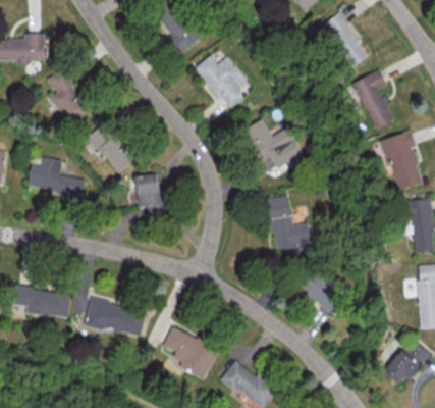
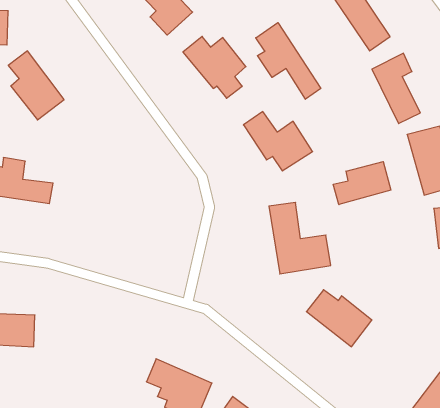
building: none -> [256,23,321,99]
building: [87,119,139,173] -> none
building: none -> [333,162,391,205]
building: [135,174,163,218] -> none
building: [84,297,146,338] -> none

